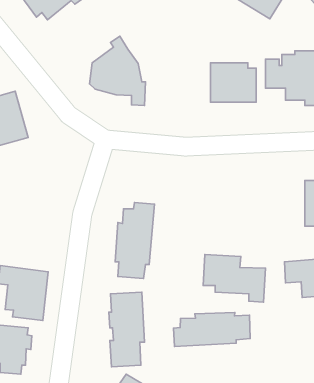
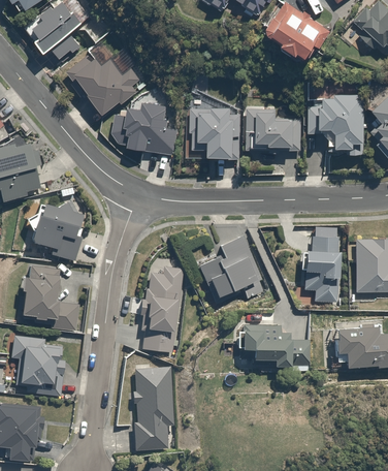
building: none -> [62,53,136,113]
building: none -> [183,104,238,160]
building: none -> [26,201,83,262]
building: none -> [299,229,343,304]
building: none -> [196,237,268,302]
building: none -> [17,265,77,329]
building: [174,312,250,346] -> none

